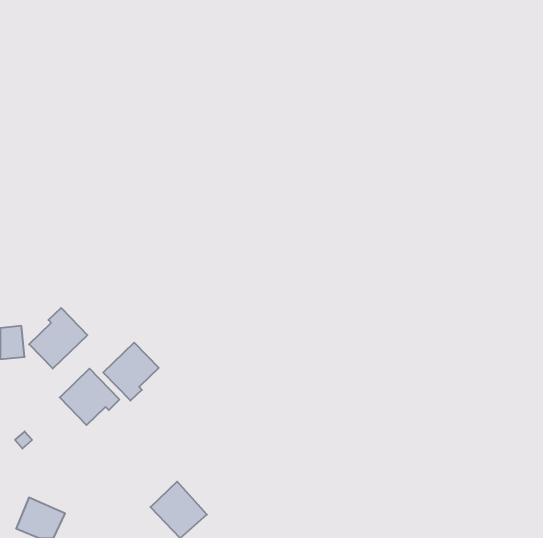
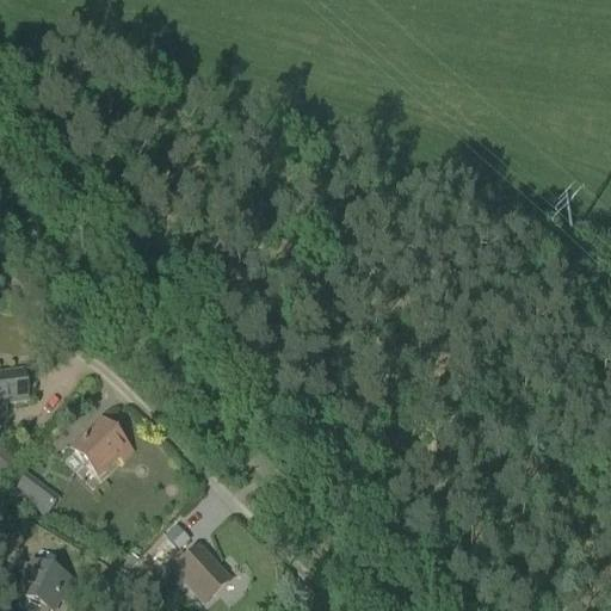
building: [29,308,87,369] -> none
building: [103,343,159,401] -> none

